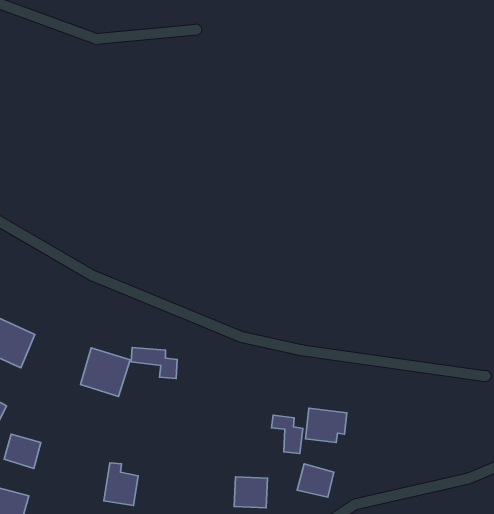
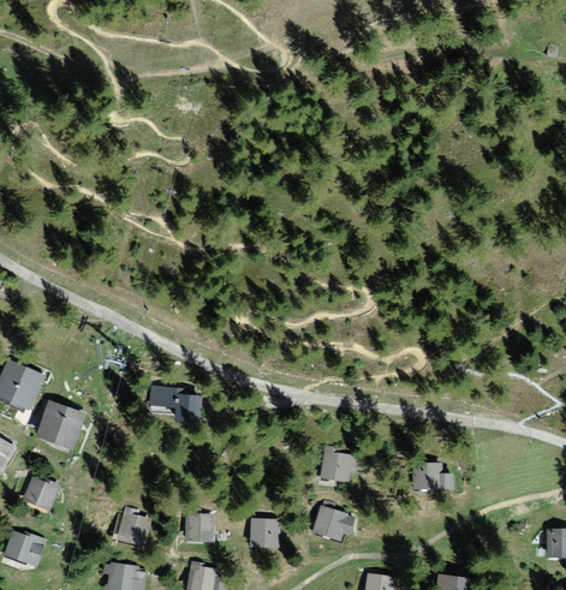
building: [80,348,130,396] -> [28,400,78,449]
building: [272,415,303,454] -> none
building: none -> [416,461,443,491]
building: none -> [184,514,216,544]

